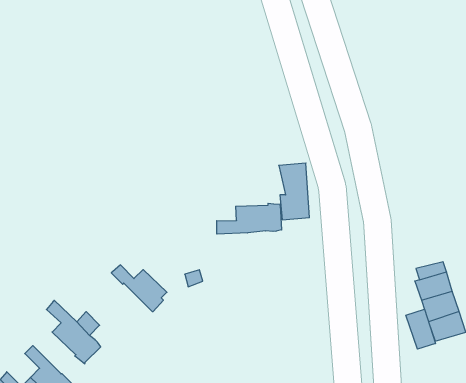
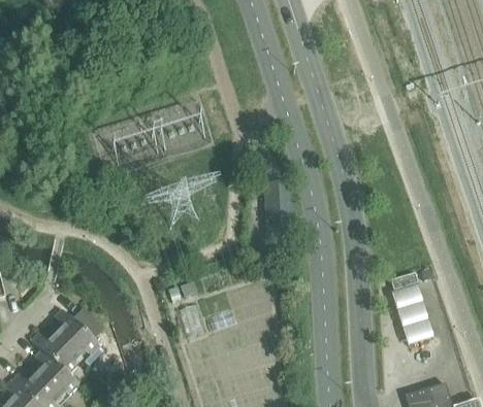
building: [217,203,282,234] -> none
building: [111,265,167,311] -> [29,333,79,375]
building: [406,309,435,349] -> none

